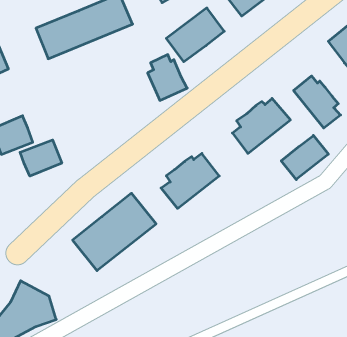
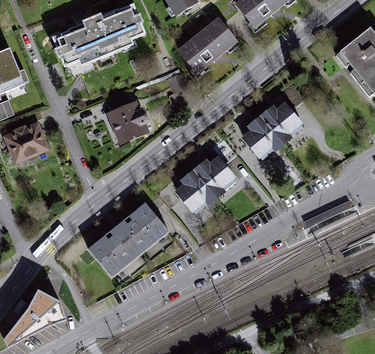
building: [148,55,187,100] -> [108,96,147,141]
building: [294,76,341,128] -> none
building: [281,135,328,180] -> none
building: [20,140,62,176] -> none

